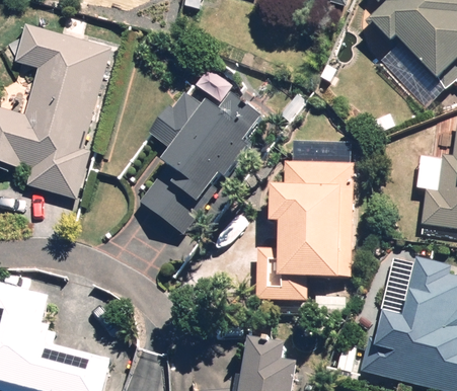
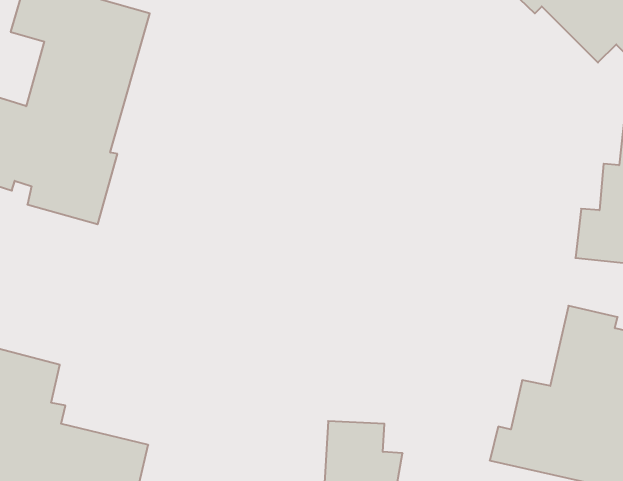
building: [132,89,269,236] -> none
building: [266,171,366,310] -> none

